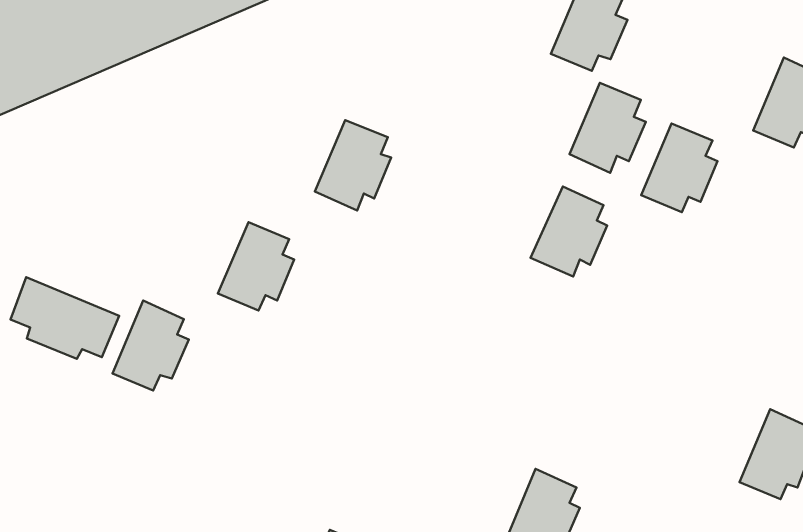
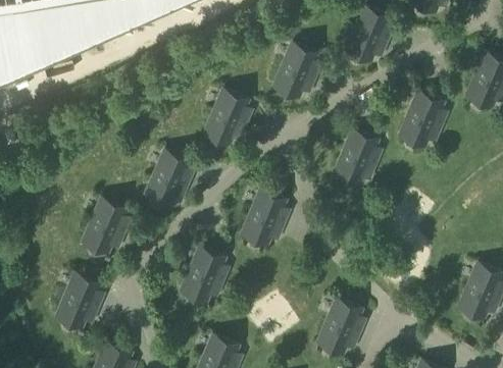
building: [569,83,646,173] -> [272,43,318,97]
building: [11,277,119,359] -> none
building: none -> [241,190,287,244]
building: none -> [181,248,225,301]
building: none -> [55,273,101,326]

